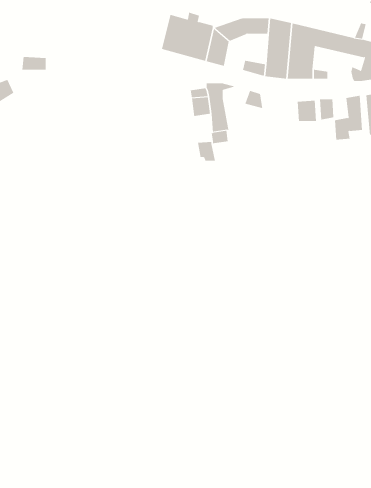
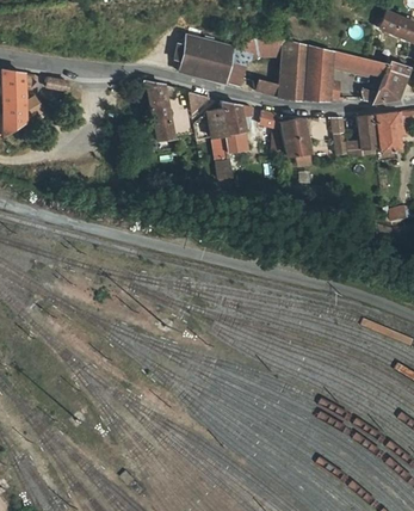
building: none -> [148,82,174,140]
building: none -> [280,117,313,166]

